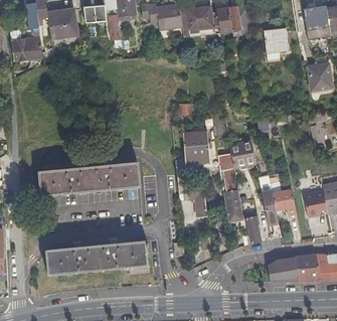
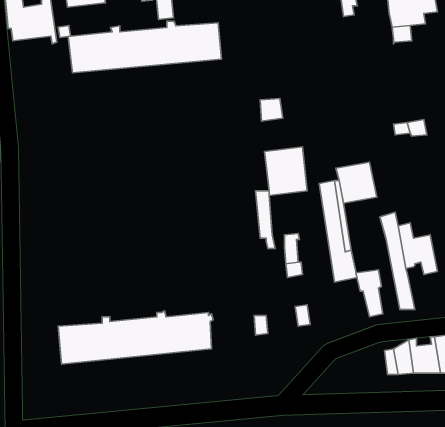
building: [38,161,140,195] -> [68,21,221,73]

